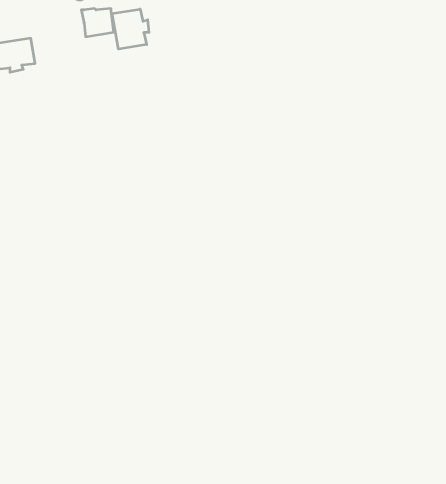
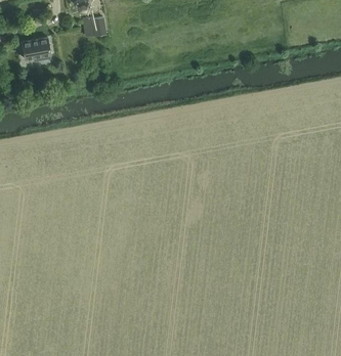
building: [112,9,149,49] -> none

